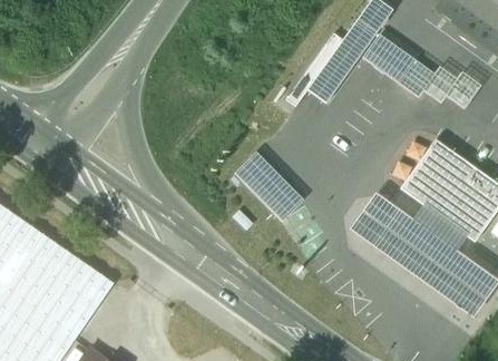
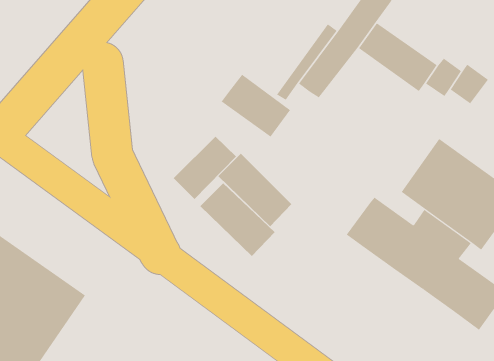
building: none -> [221,74,291,137]
building: none -> [173,136,237,200]
building: none -> [200,183,275,257]

